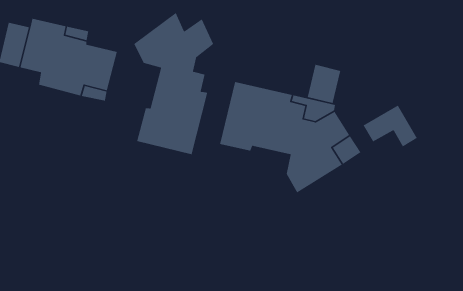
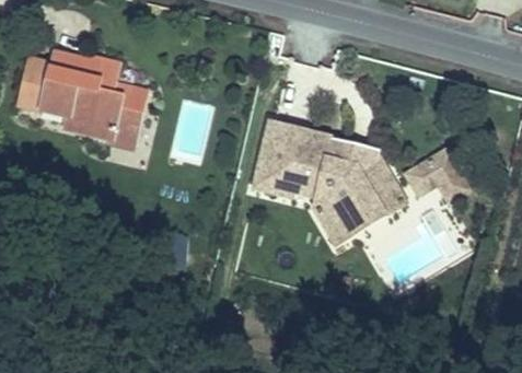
building: [133,12,214,155] -> none
building: [307,64,341,104] -> none

